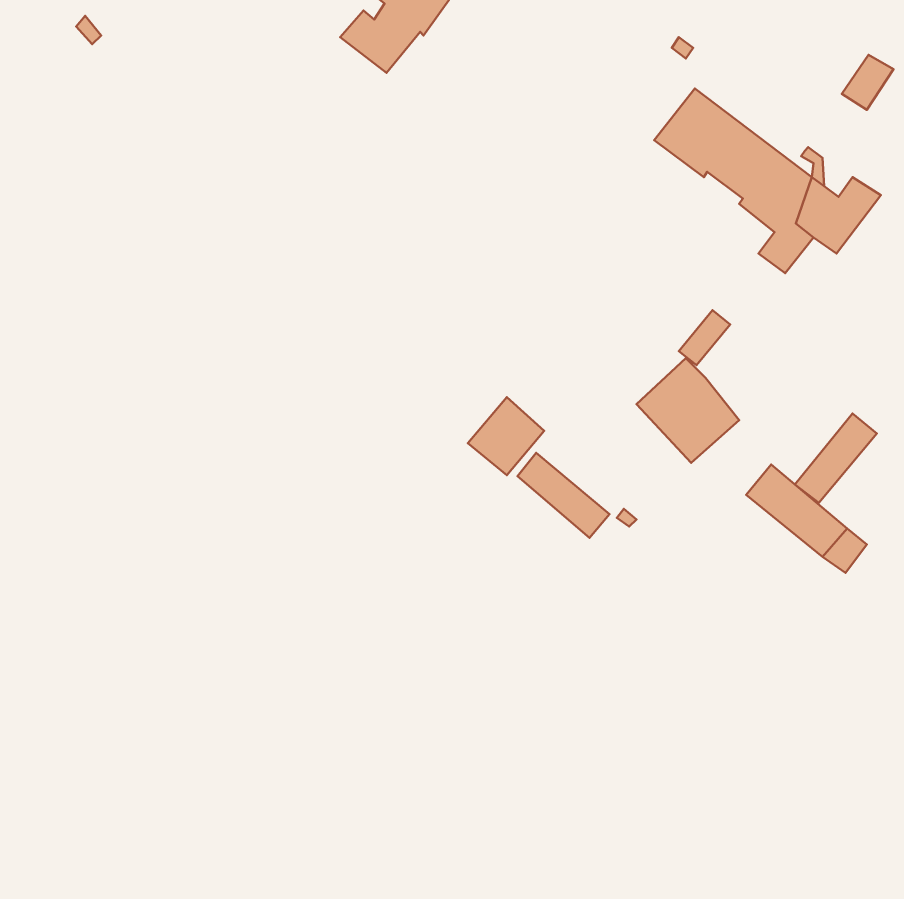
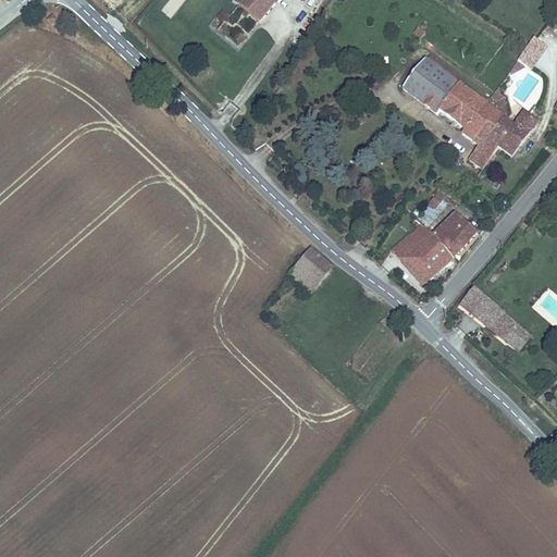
building: none -> [433,210,479,258]
building: [795,413,877,503] -> none
building: [518,453,610,538] -> none

